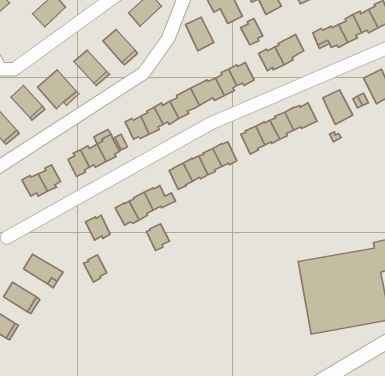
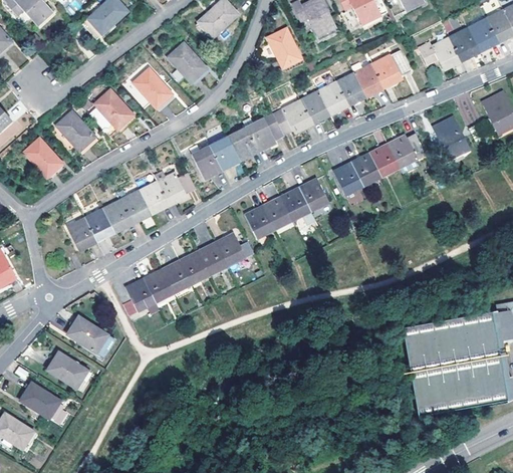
building: [241,18,263,45] -> [338,72,365,104]
building: none -> [103,202,134,229]
building: [146,224,170,250] -> [164,260,192,292]
building: [84,255,107,282] -> [127,277,156,310]

